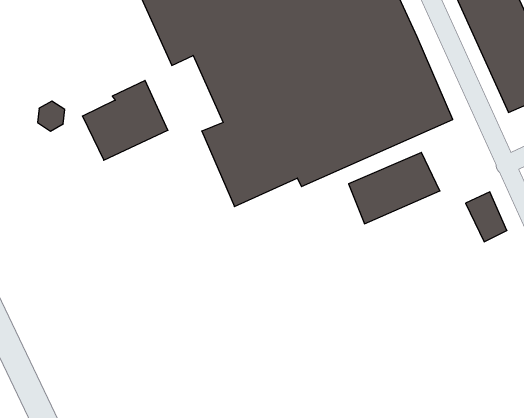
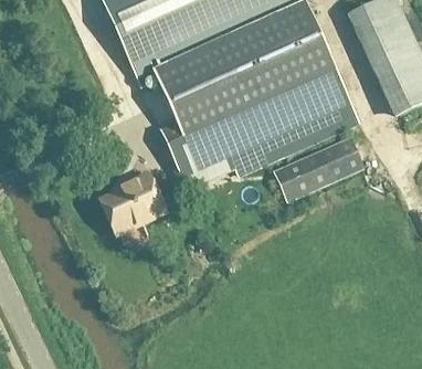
building: [82,80,168,160] -> [99,171,166,233]
building: [466,192,507,242] -> [331,136,363,175]

